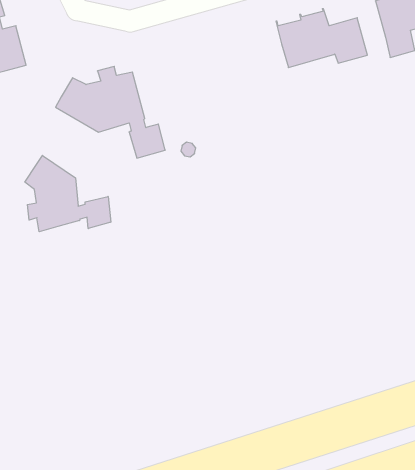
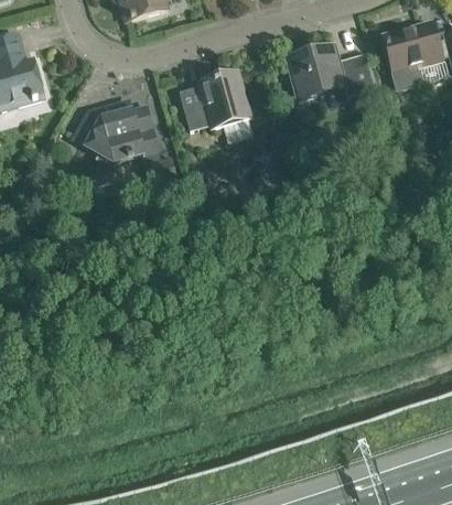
building: none -> [180,68,249,129]
building: [25,155,111,232] -> none

